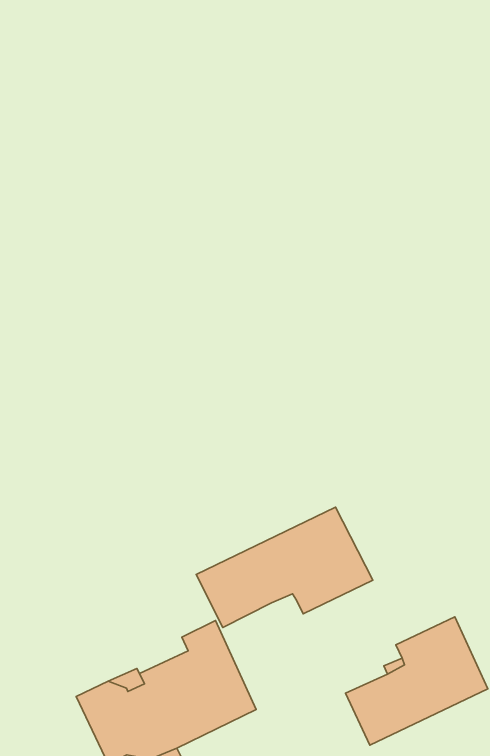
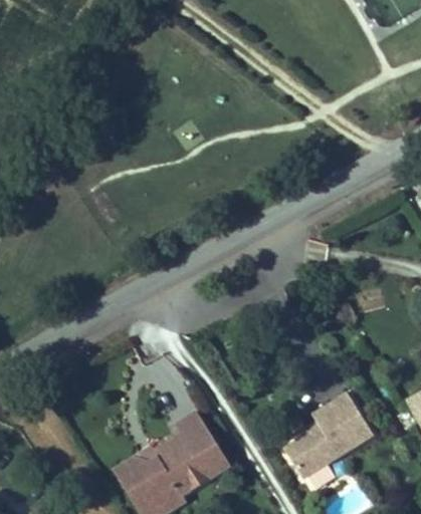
building: [196,507,373,628] -> none

